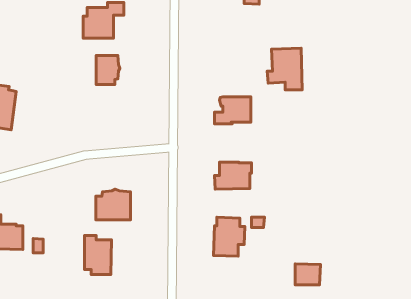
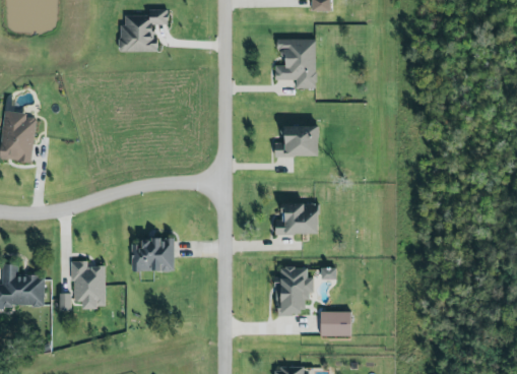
building: [267,48,302,90] -> [273,40,315,89]
building: [96,55,120,84] -> none
building: [84,236,112,275] -> [72,261,105,308]
building: [295,264,321,285] -> [319,311,349,336]

